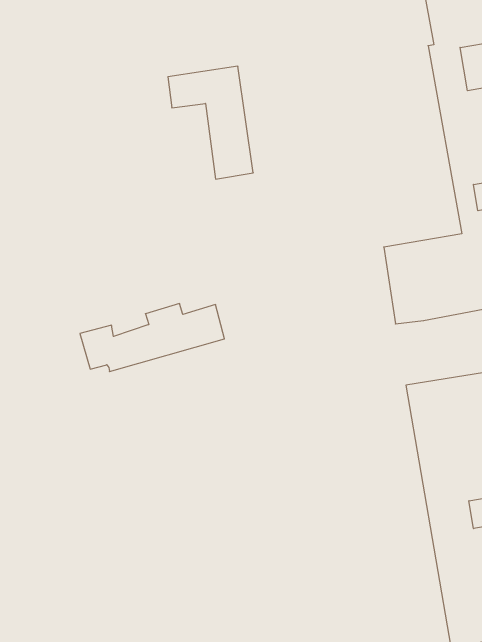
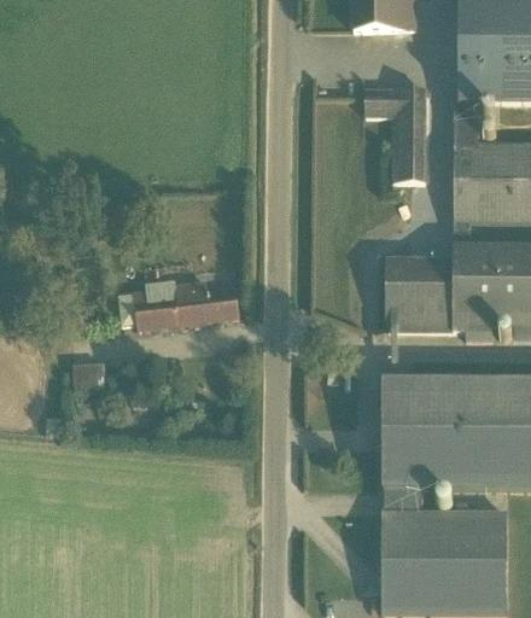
building: [168,66,253,179] -> [364,89,426,182]
building: none -> [70,361,103,387]

